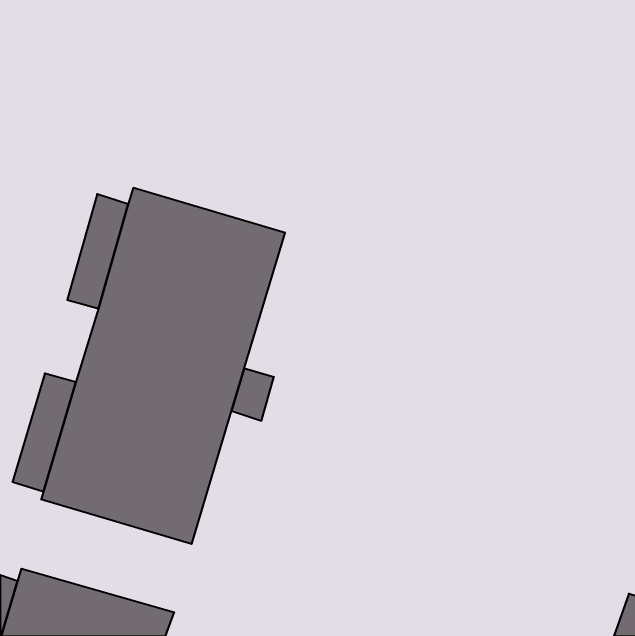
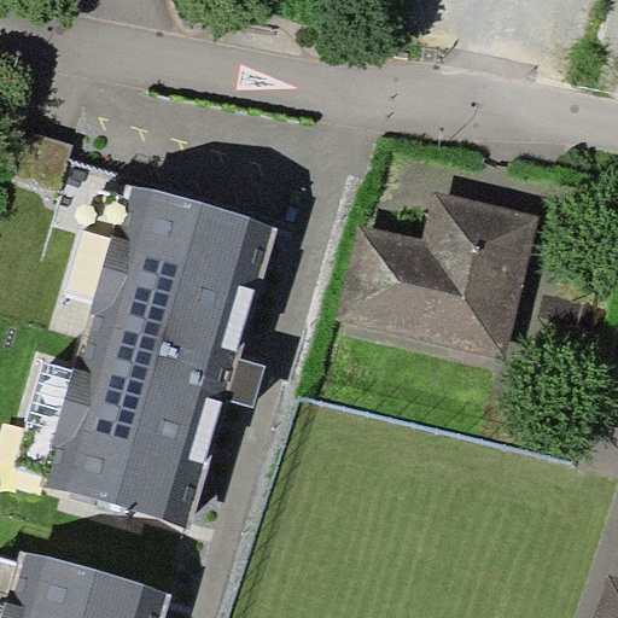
building: none -> [337,192,540,358]

